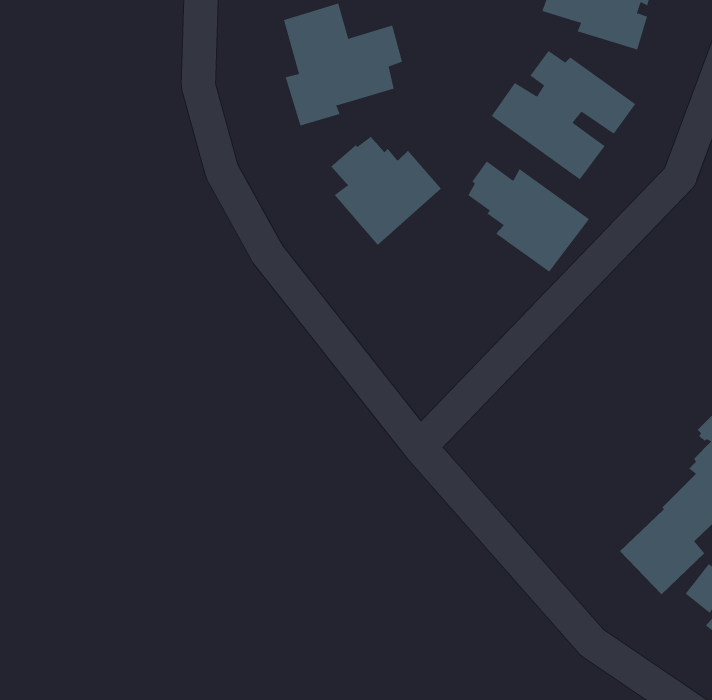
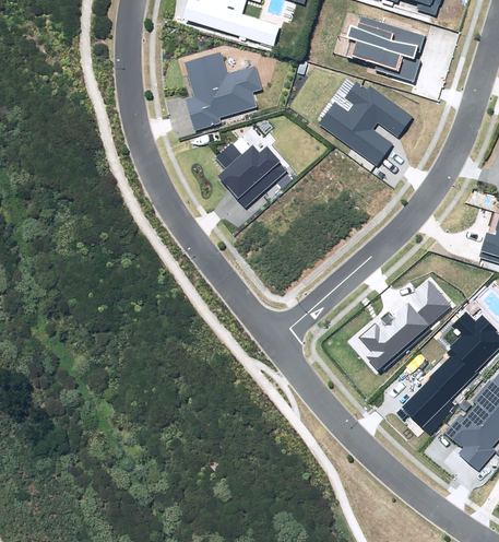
building: [468,161,590,273] -> none
building: none -> [359,280,451,369]

